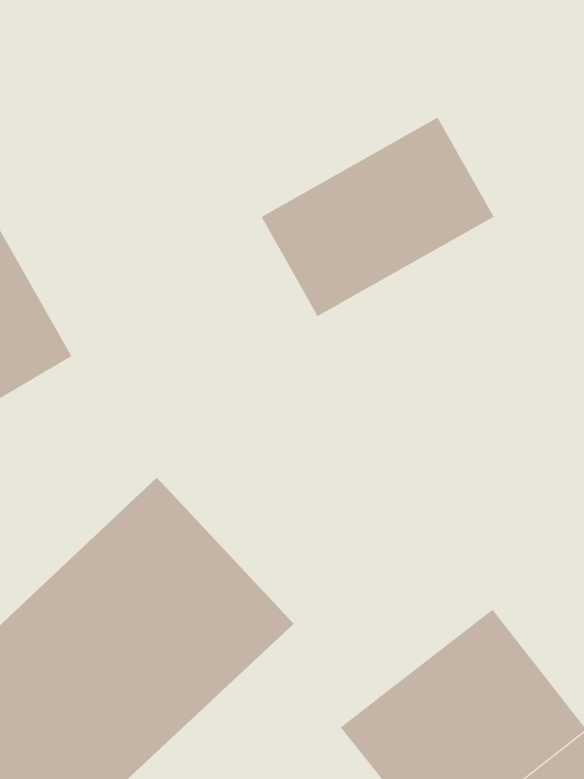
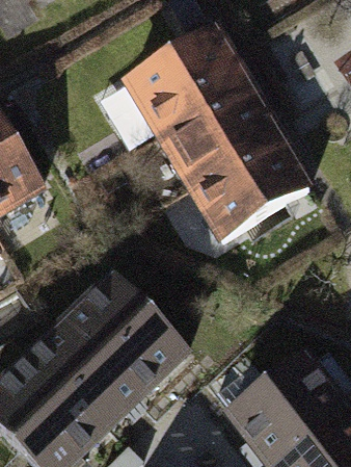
building: none -> [129,22,258,132]
building: none -> [191,132,320,242]

